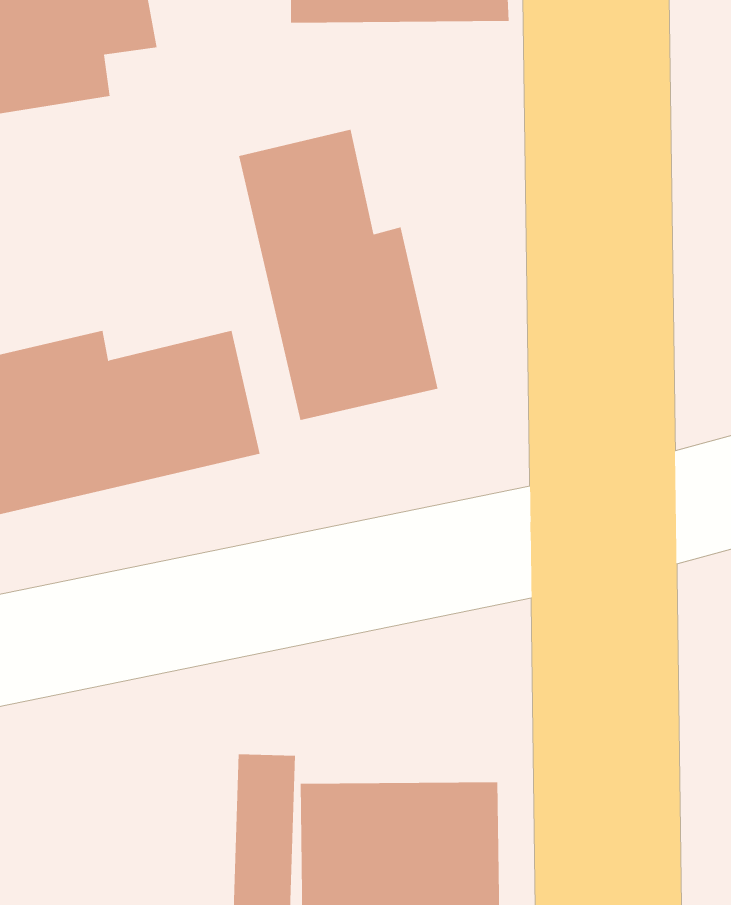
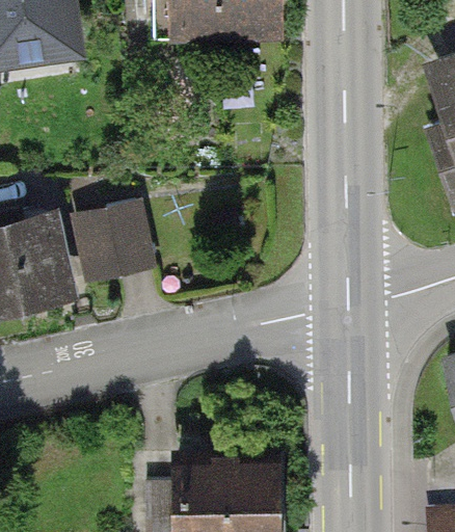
building: [239,129,438,421] -> none

